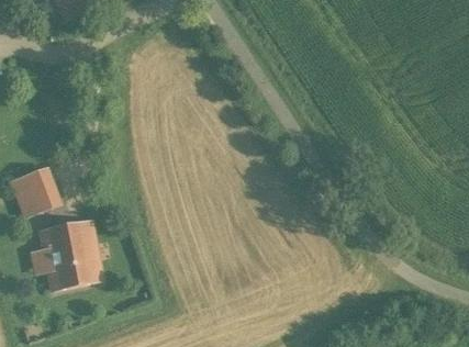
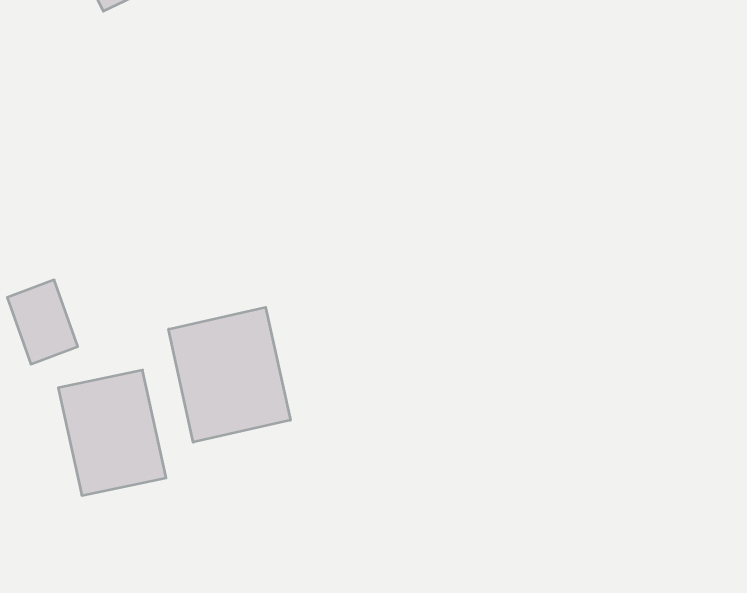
building: none -> [169,307,290,442]

